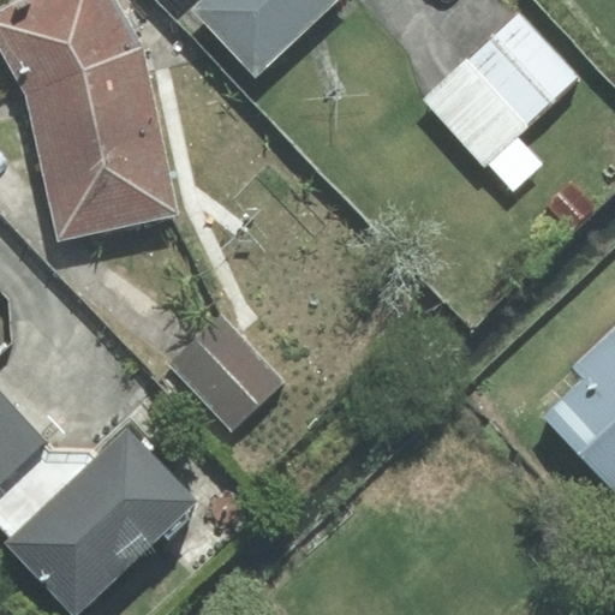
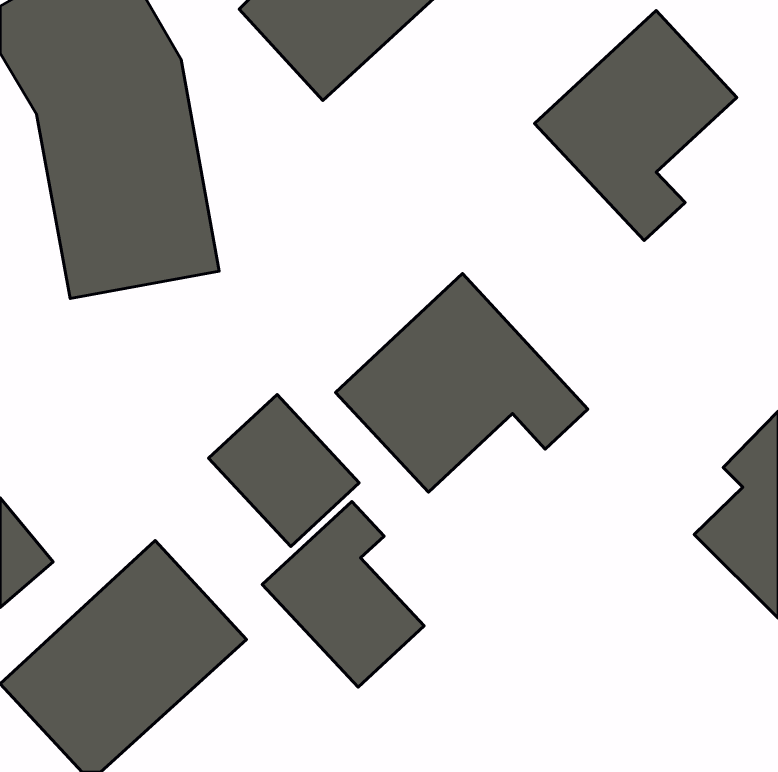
building: none -> [335,273,588,492]
building: none -> [262,501,424,687]

